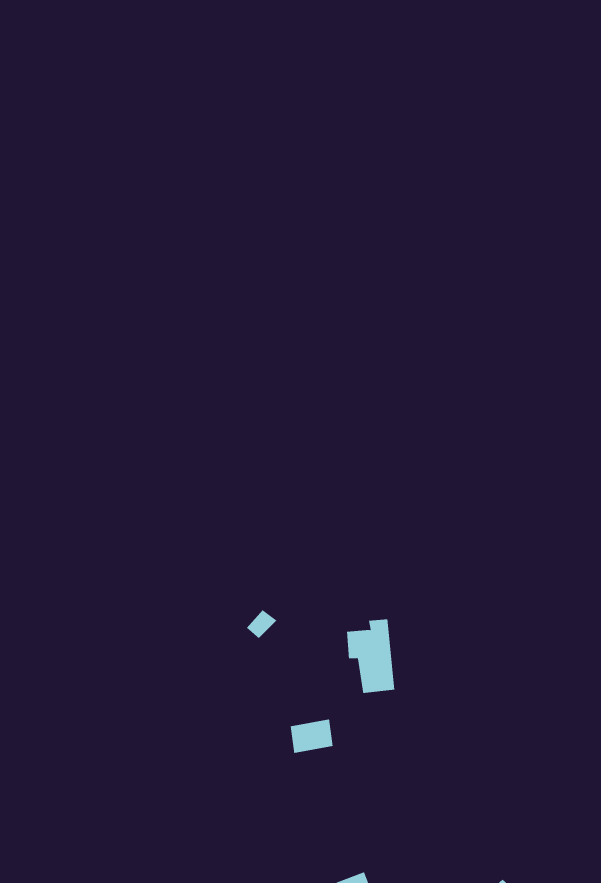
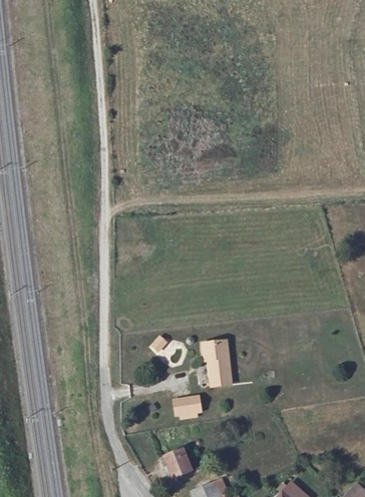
building: none -> [159,449,191,477]

